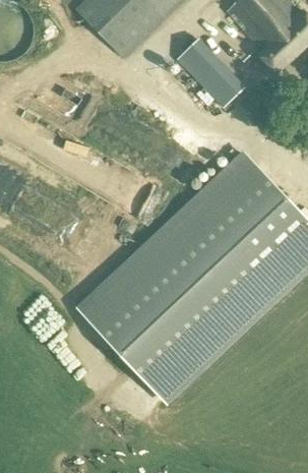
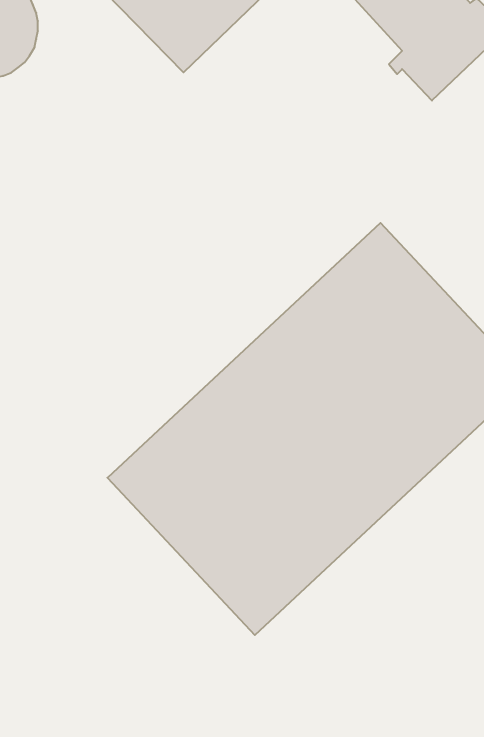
building: [175,37,244,107] -> none

